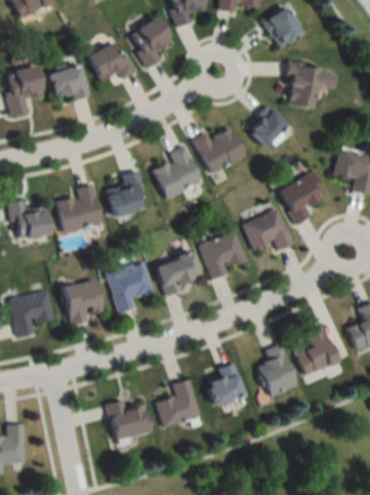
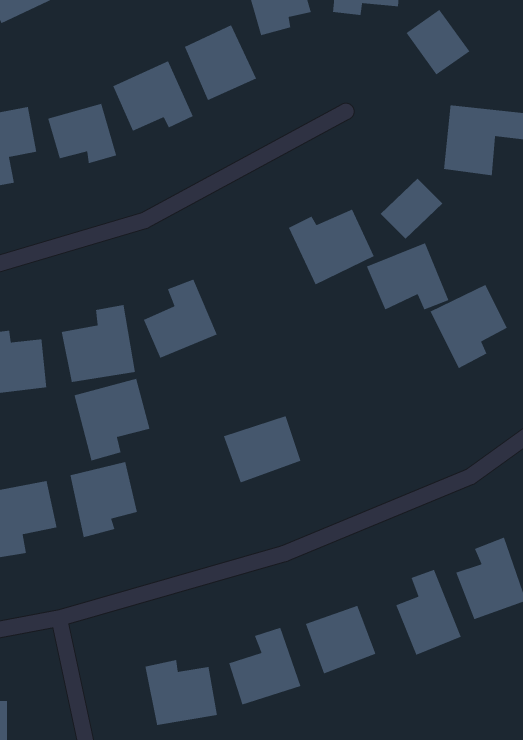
building: [153,146,202,200] -> none
building: [243,209,293,250] -> [366,242,450,311]
building: [199,231,247,279] -> none
building: [107,262,153,313] -> [74,378,150,461]

